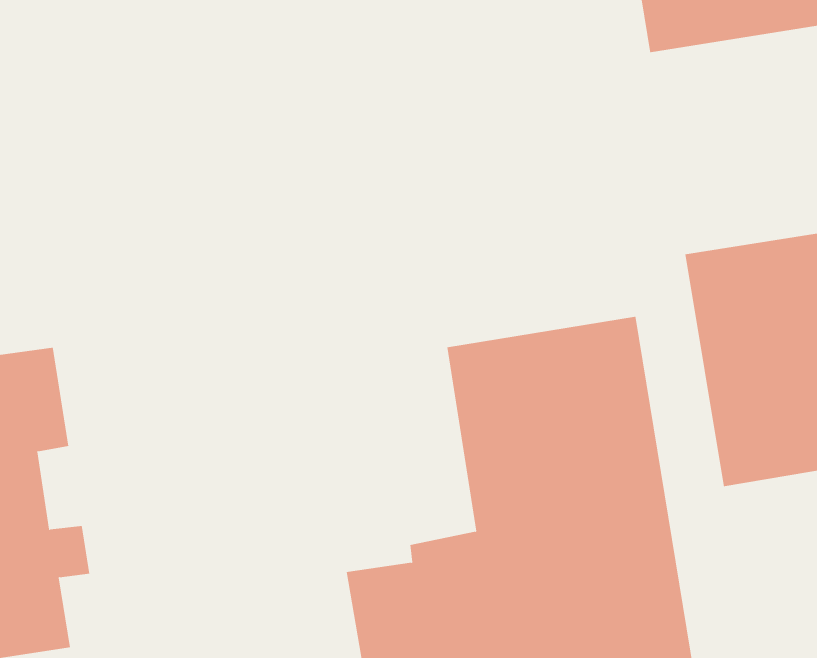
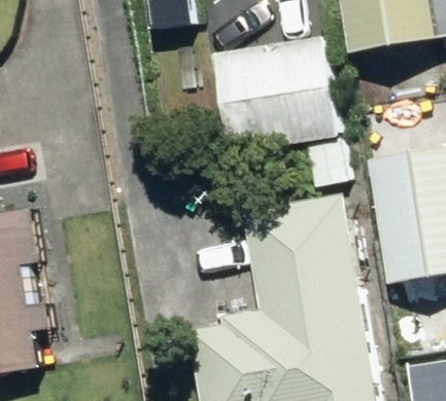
building: none -> [212,38,343,184]

